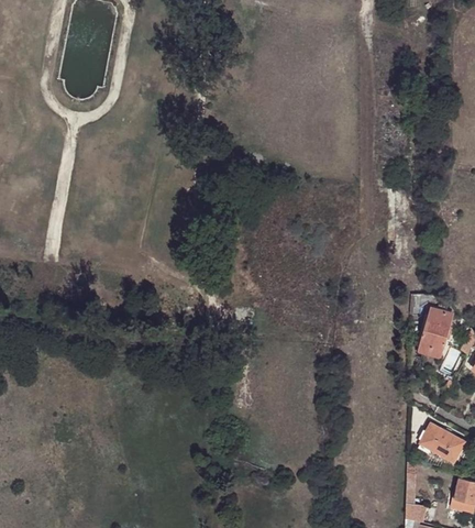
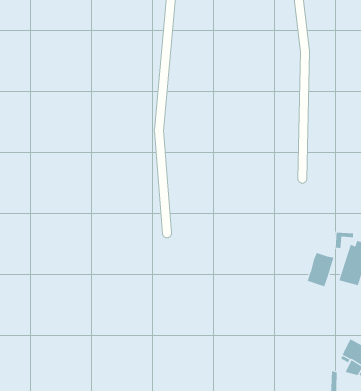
building: none -> [306,252,334,287]

